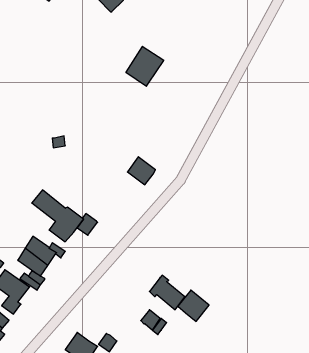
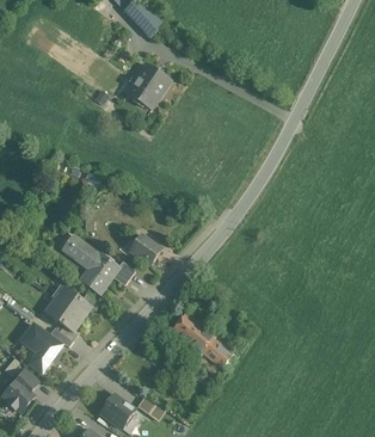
building: [126,46,164,86] -> [128,64,170,109]
building: [127,157,155,185] -> [129,234,160,265]
building: [178,290,209,321] -> [172,313,207,347]

